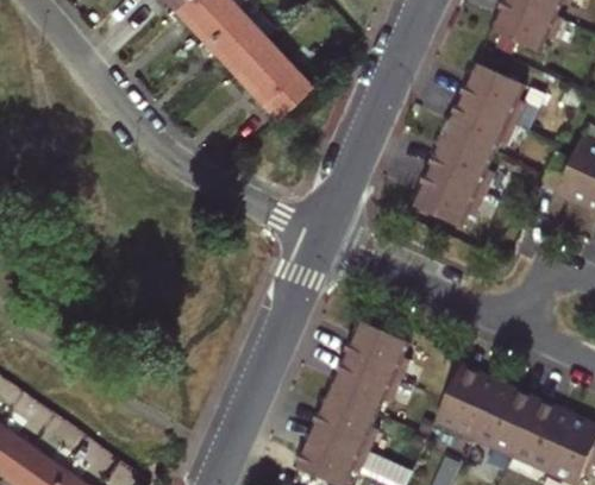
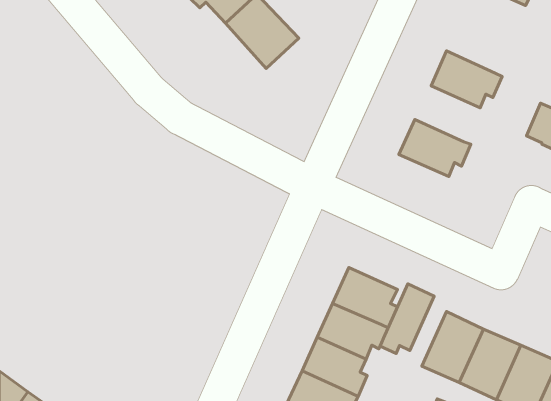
building: [459,63,526,125] -> none
building: [427,134,495,194] -> none
building: none -> [380,284,434,353]

